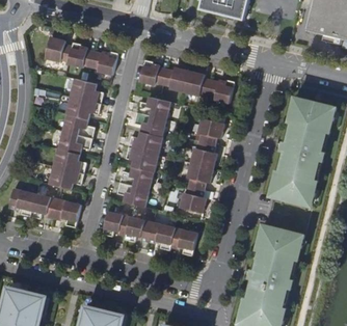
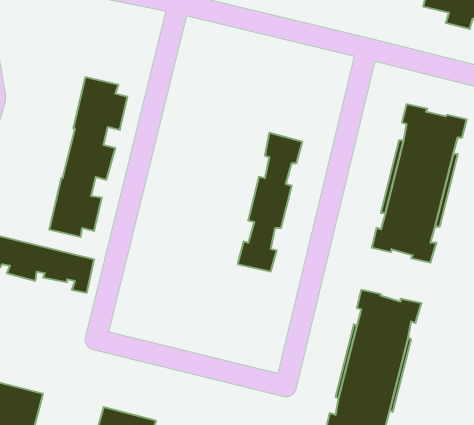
building: [45,36,117,74] -> none
building: [138,59,234,103] -> none
building: [116,96,169,206] -> none
building: [101,211,196,255] -> none

